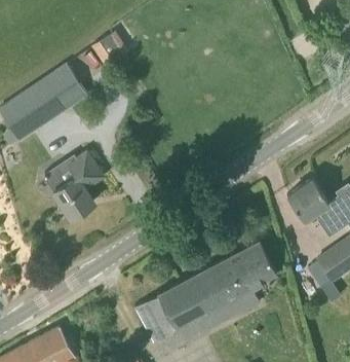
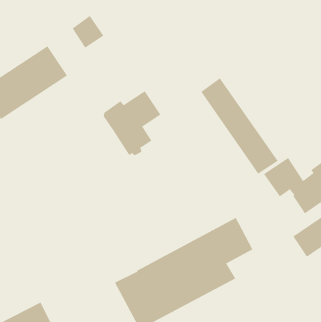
building: none -> [200,77,278,175]
building: [44,152,104,219] -> [103,90,161,156]

